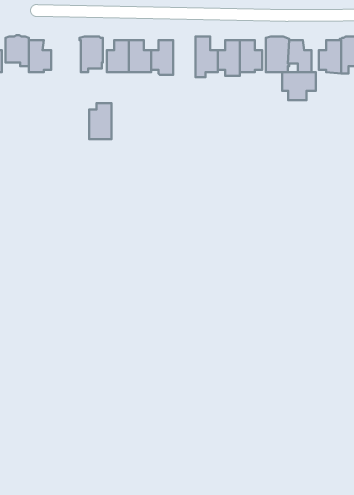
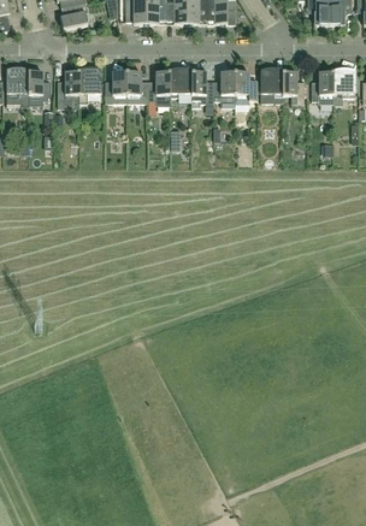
building: none -> [170,67,191,96]
building: [282,72,316,100] -> none
building: [89,103,111,139] -> [58,71,79,106]

